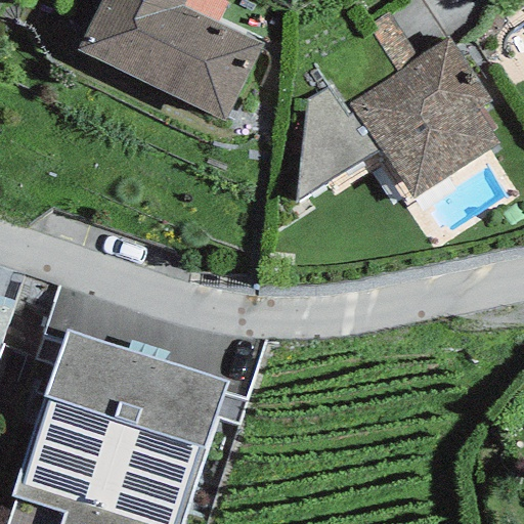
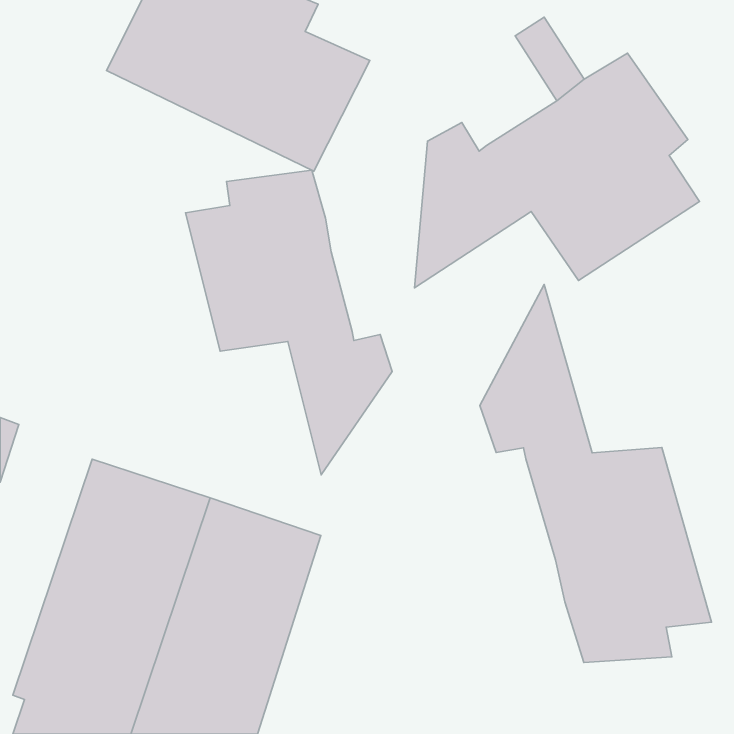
building: none -> [186,170,392,475]
building: none -> [480,284,712,663]

